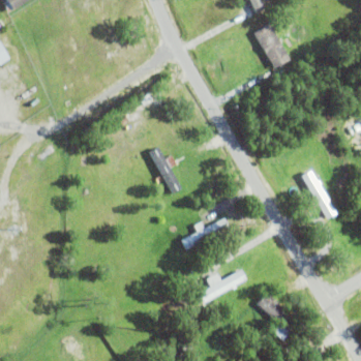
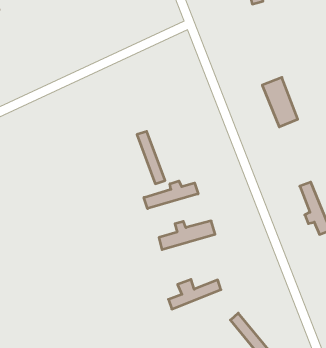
building: [252,22,289,66] -> [262,77,298,127]
building: none -> [144,181,198,209]

